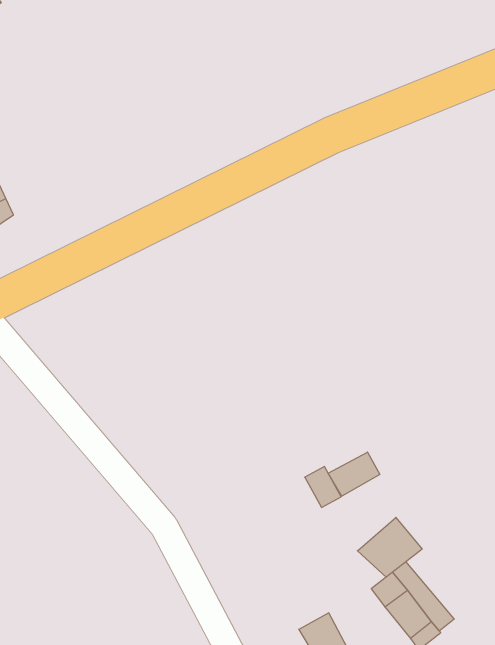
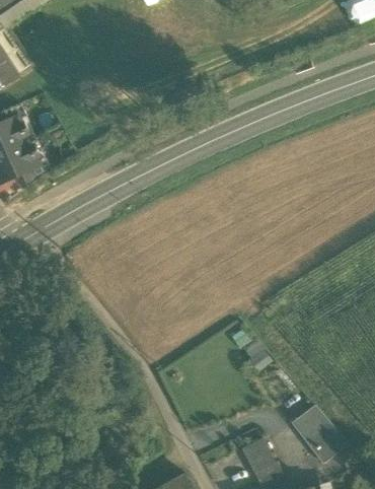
building: [328,452,380,496] -> none
building: [357,517,422,577] -> none

